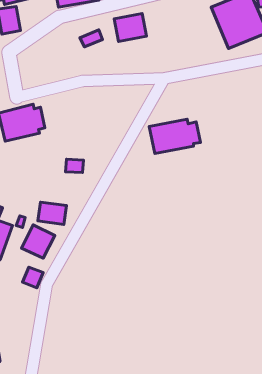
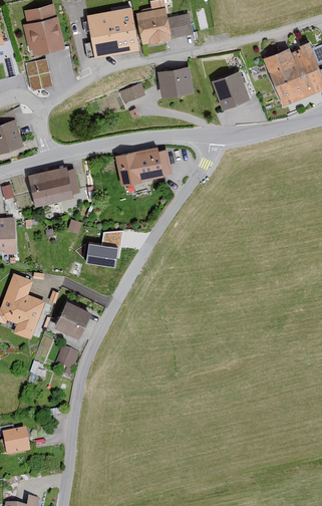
building: none -> [212,70,251,108]
building: [149,119,201,153] -> [114,148,172,186]
building: [38,202,67,225] -> [86,244,118,269]

